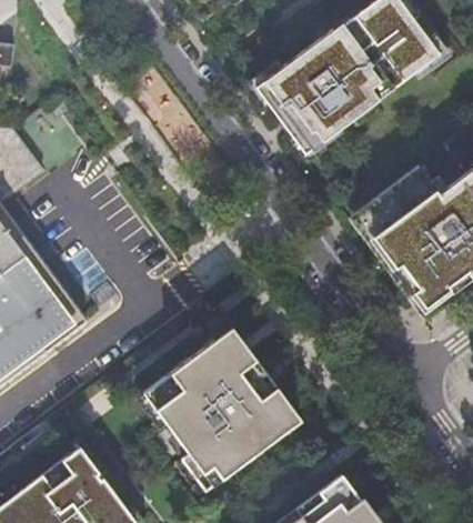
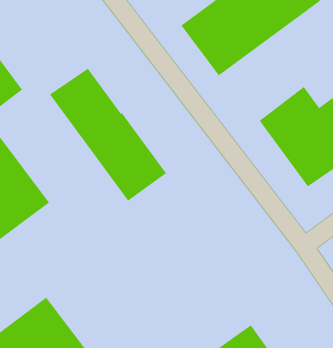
building: none -> [49,68,167,201]
building: [144,329,303,493] -> none

